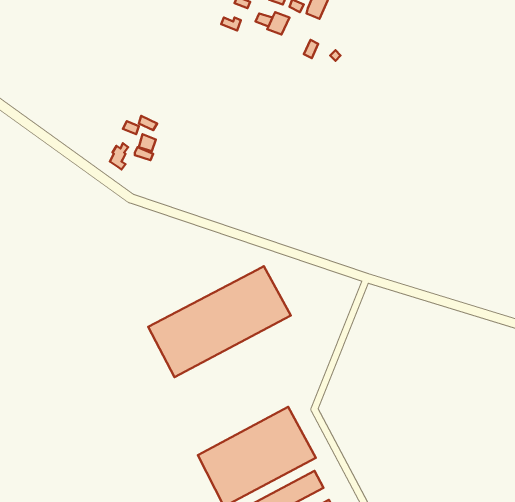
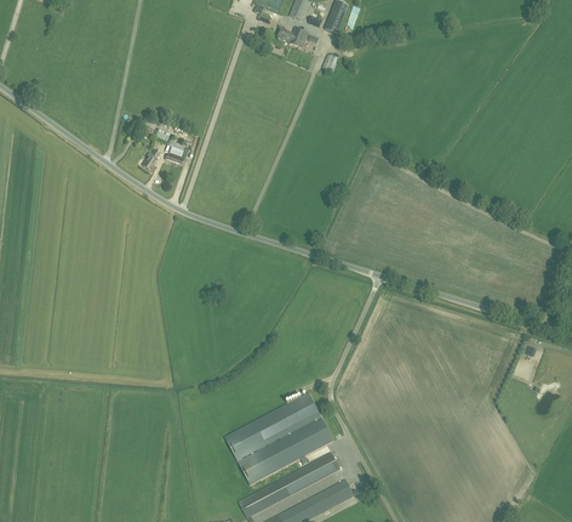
building: [148,266,291,377] -> none

